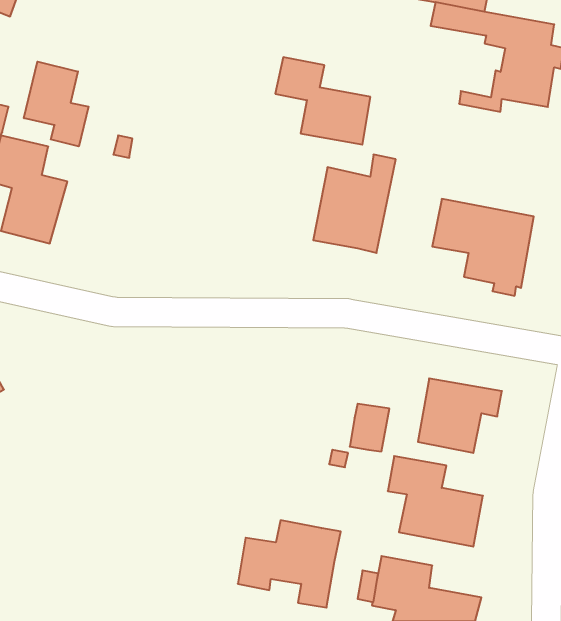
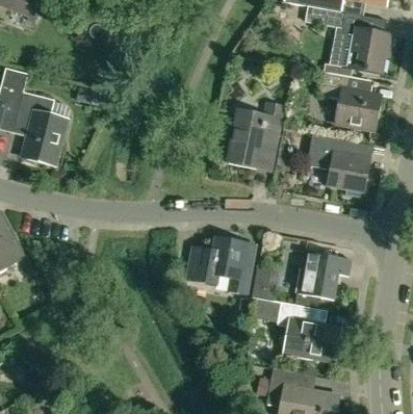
building: [275,57,370,145] -> [318,71,381,128]
building: [24,62,89,146] -> none
building: [238,520,341,608] -> [187,236,255,293]

